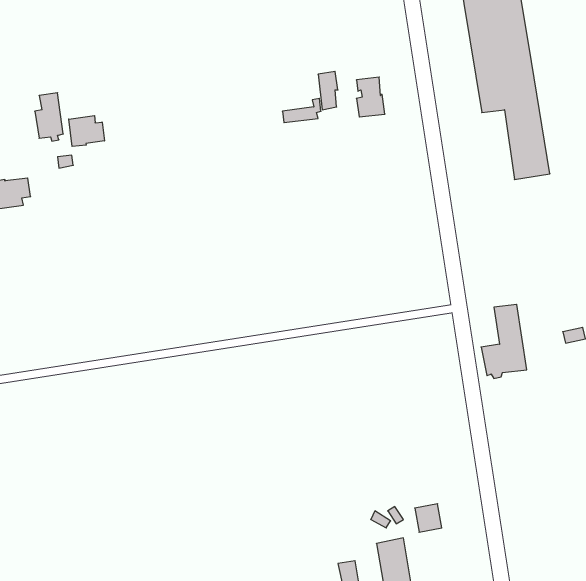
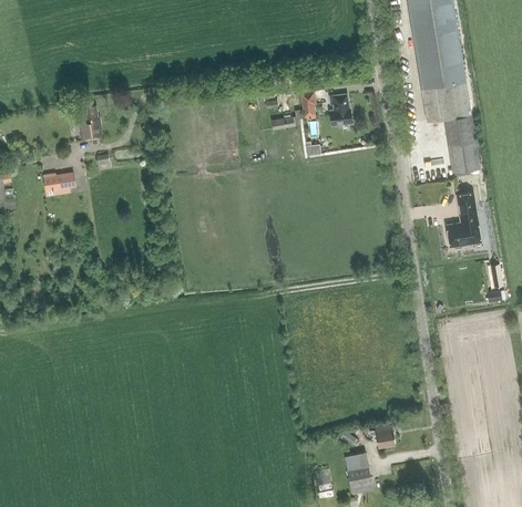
building: [69,116,104,146] -> none
building: [481,304,527,378] -> [446,192,481,249]

